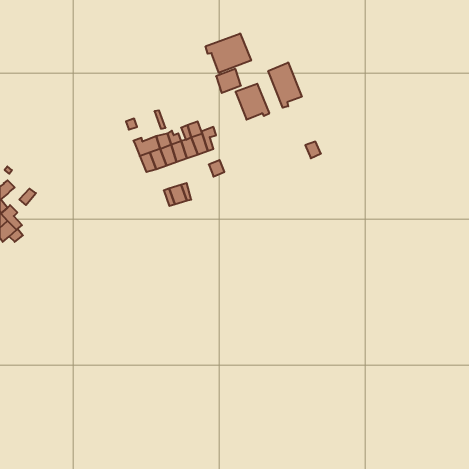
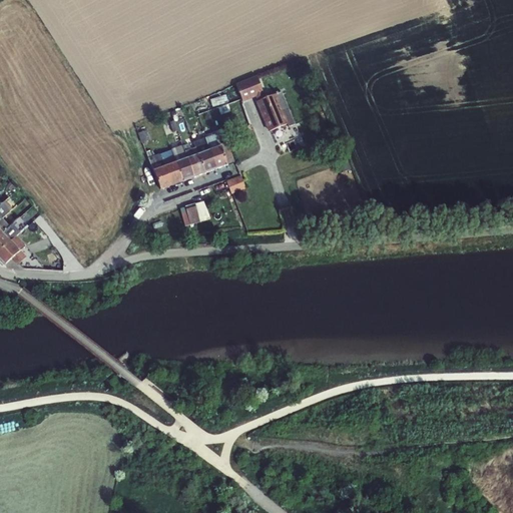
building: [206,33,251,73] -> none
building: [268,62,302,108] -> none

